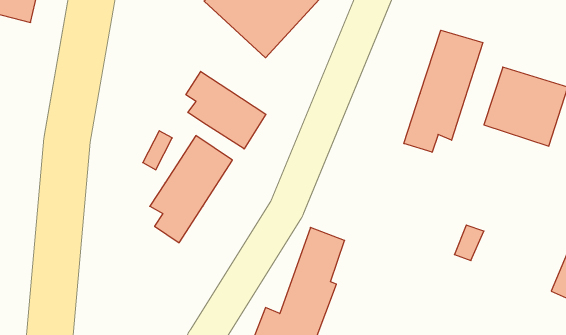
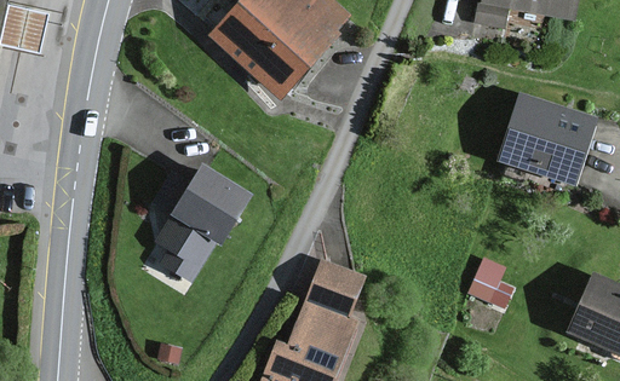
building: [404,30,483,152] -> none
building: [186,71,266,149] -> none

